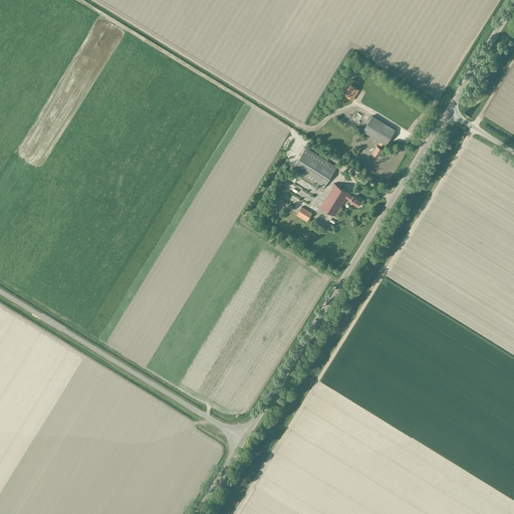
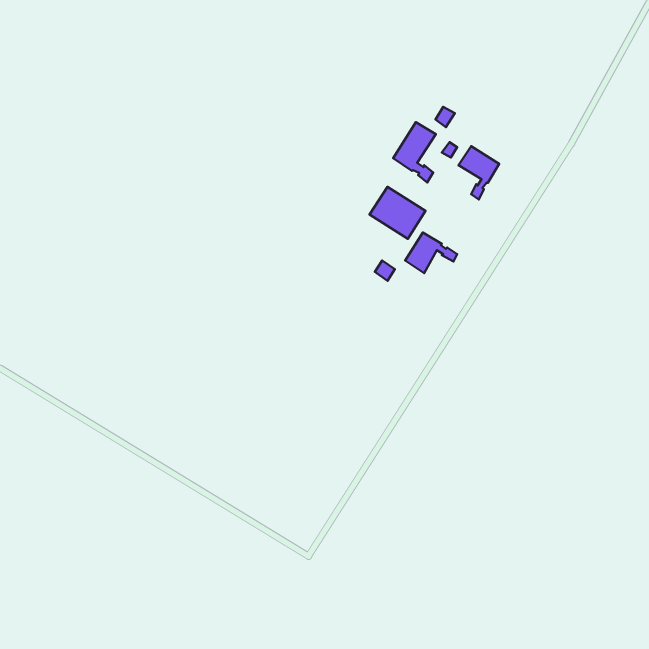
building: none -> [393,122,436,183]

